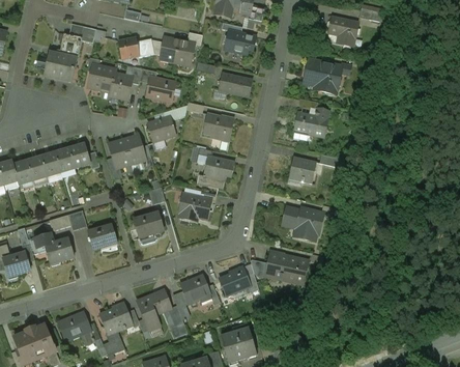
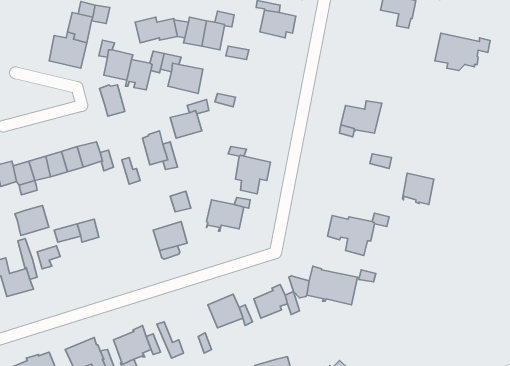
building: [303,59,350,91] -> [435,33,490,71]
building: [218,74,252,96] -> none
building: [202,114,232,141] -> none
building: [108,141,130,168] -> [100,85,125,116]
building: [288,157,315,184] -> [402,173,434,205]
building: [87,225,116,250] -> none
building: [44,238,73,264] -> [15,205,49,236]
building: [142,290,170,316] -> none

